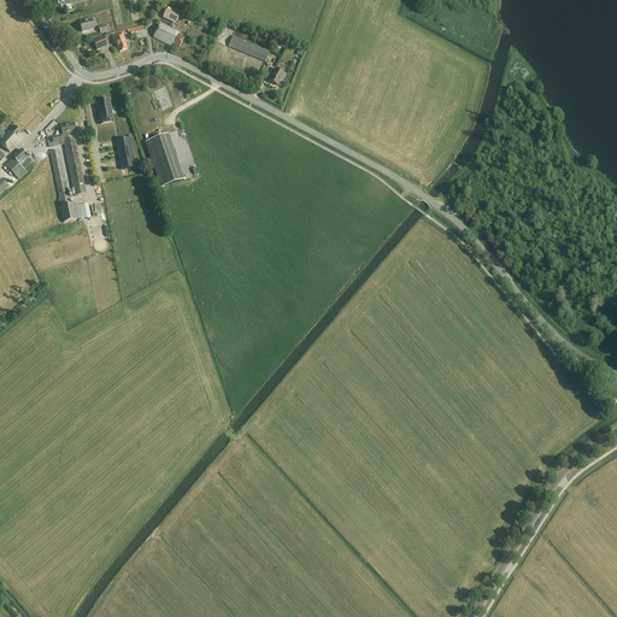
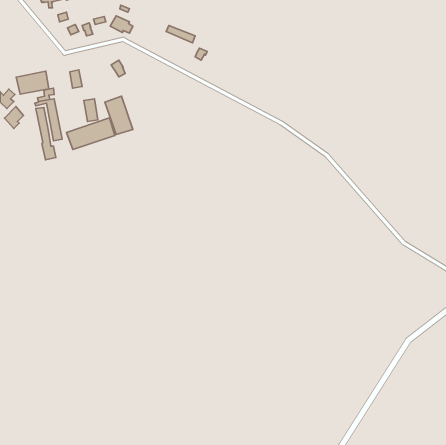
building: none -> [16,71,49,94]
building: none -> [67,118,115,150]

